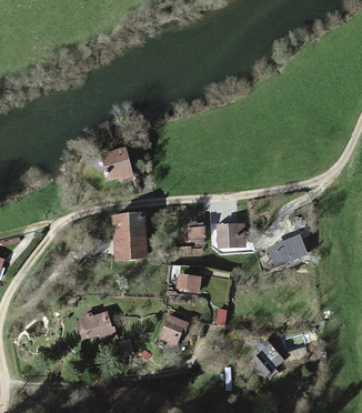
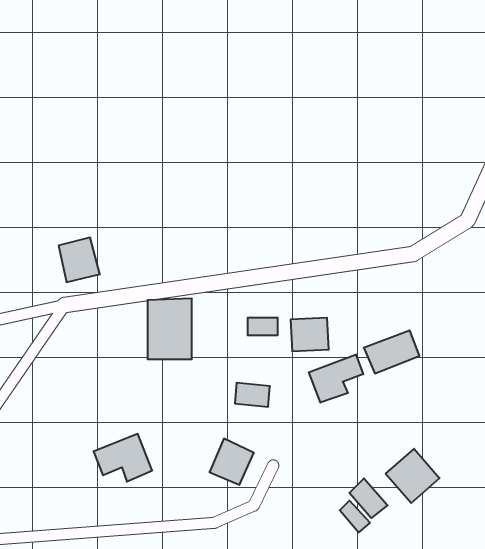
building: [104,148,133,179] -> [59,238,100,282]
building: none -> [309,354,363,403]
building: none -> [386,449,440,503]

